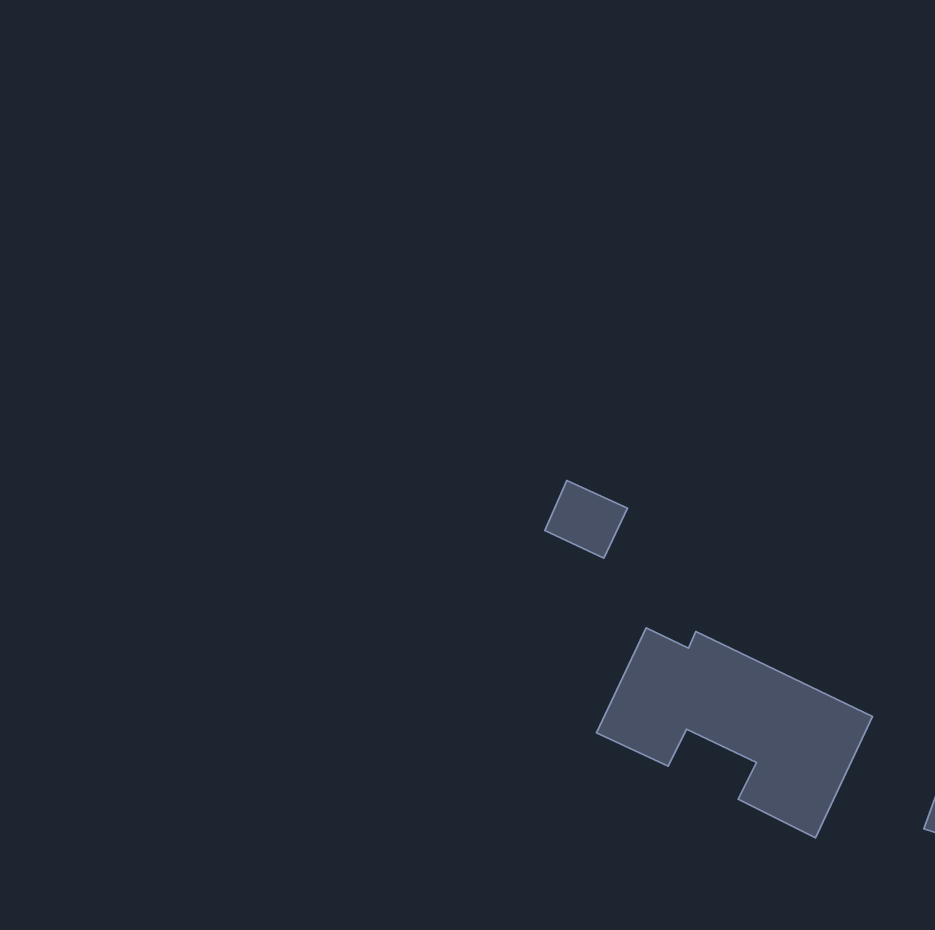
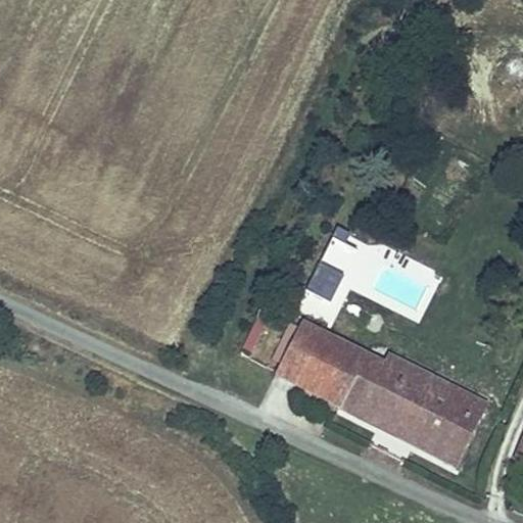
building: none -> [274,320,362,407]
building: none -> [374,405,423,443]

